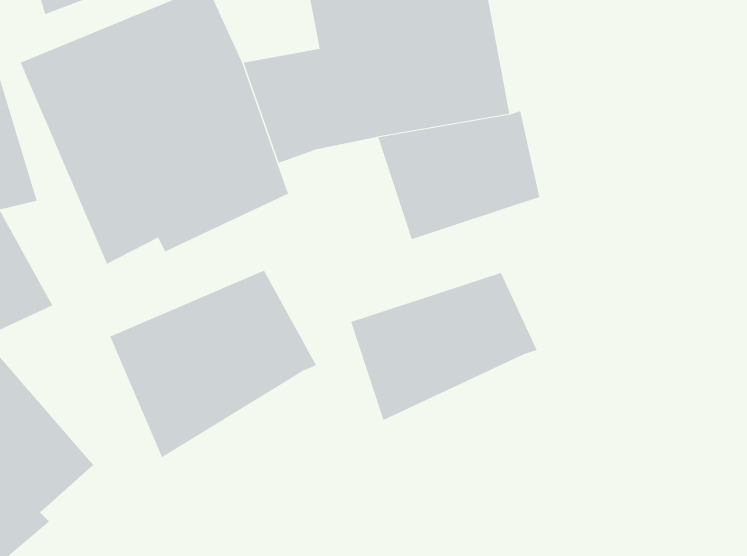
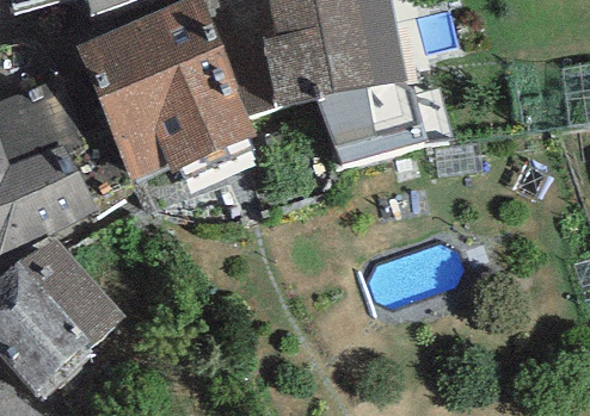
building: [110,270,317,458] -> none
building: [351,272,537,421] -> none

